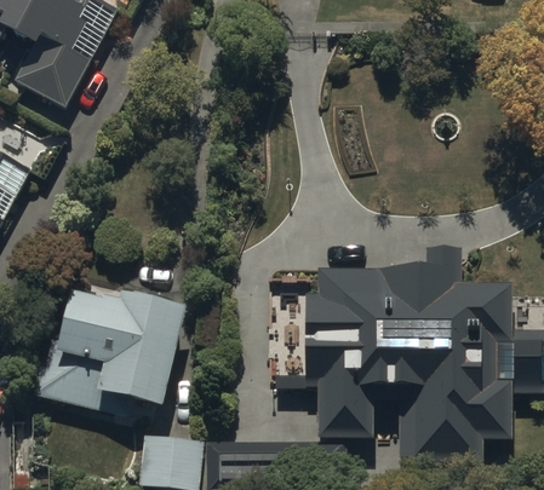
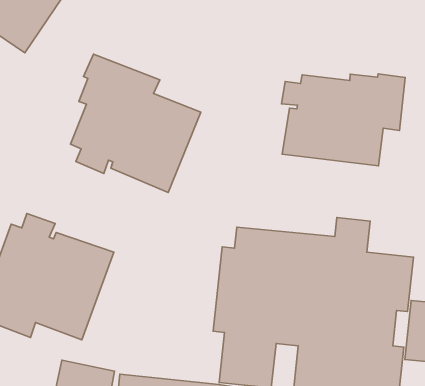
building: none -> [282,74,405,166]
building: none -> [71,54,201,192]

